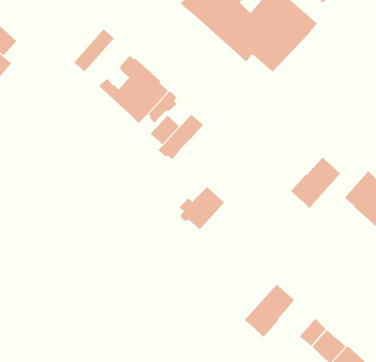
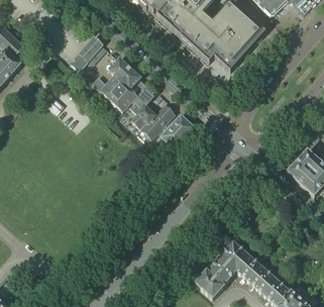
building: [290,157,341,209] -> none
building: [178,186,225,230] -> [158,113,196,148]
building: none -> [236,253,265,283]
building: none -> [197,269,225,297]

